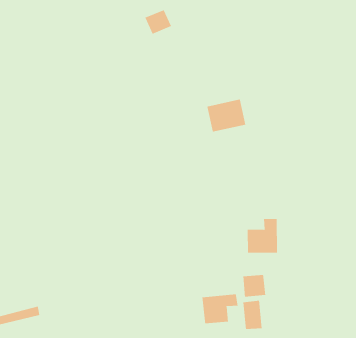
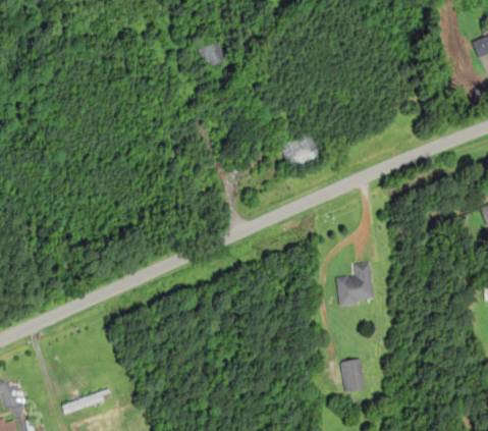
building: [243,274,266,298] -> none
building: [202,293,238,324] -> none

